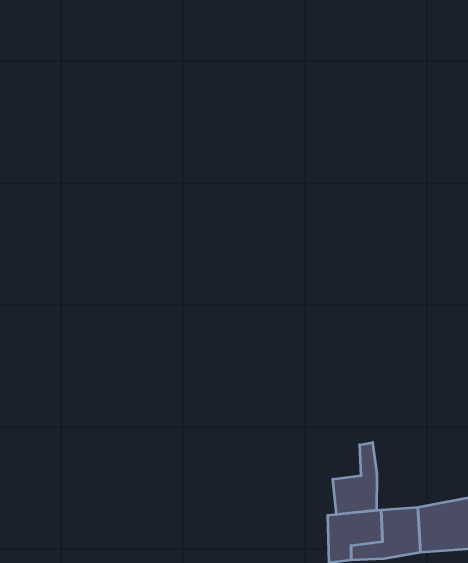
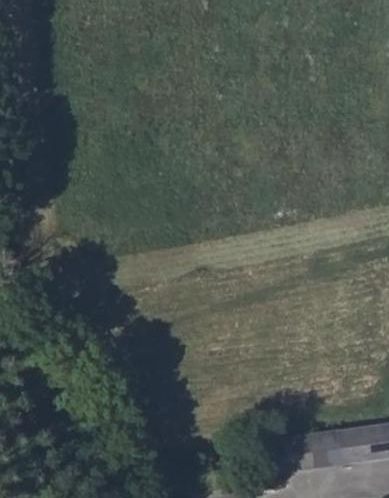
building: [333,442,377,515] -> none

